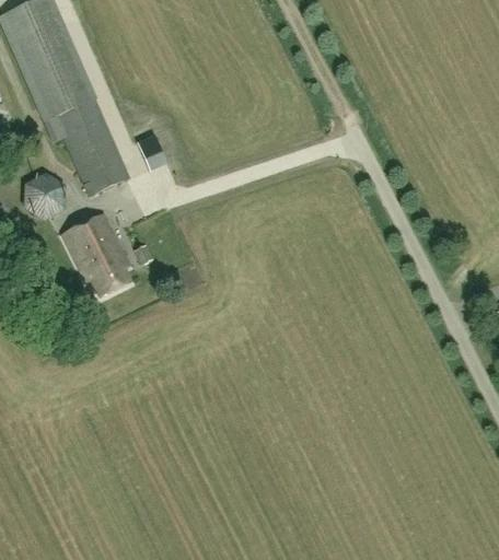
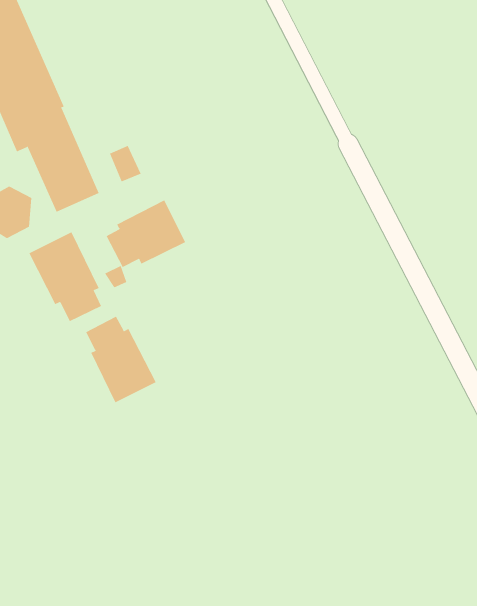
building: none -> [106,199,186,268]
building: none -> [86,316,156,403]

